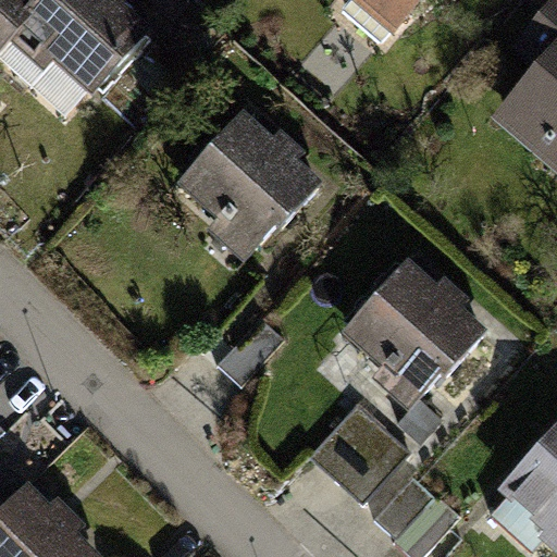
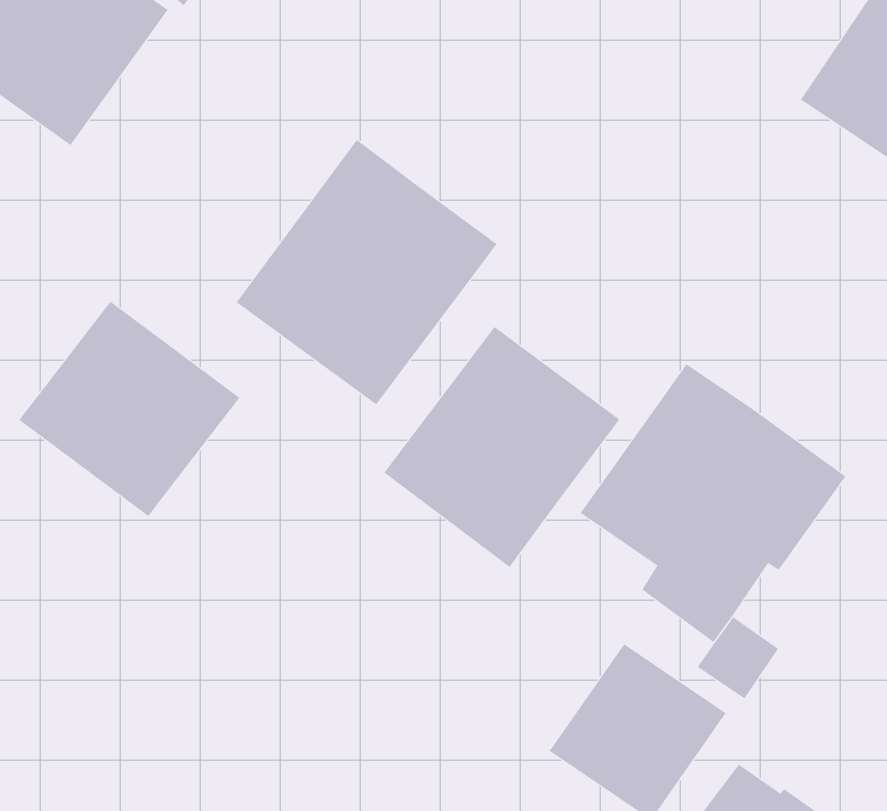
building: none -> [19,301,240,517]
building: none -> [384,326,620,568]

